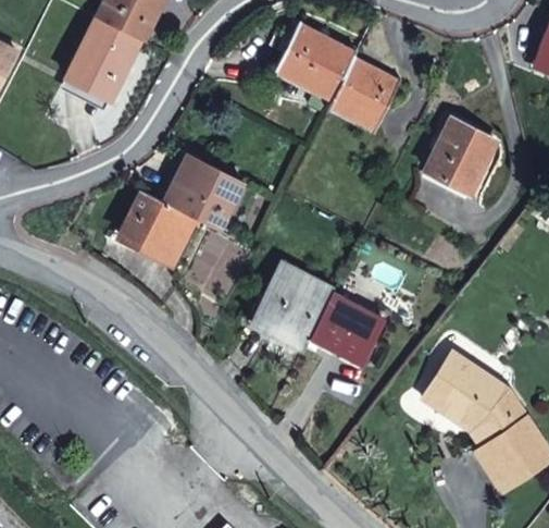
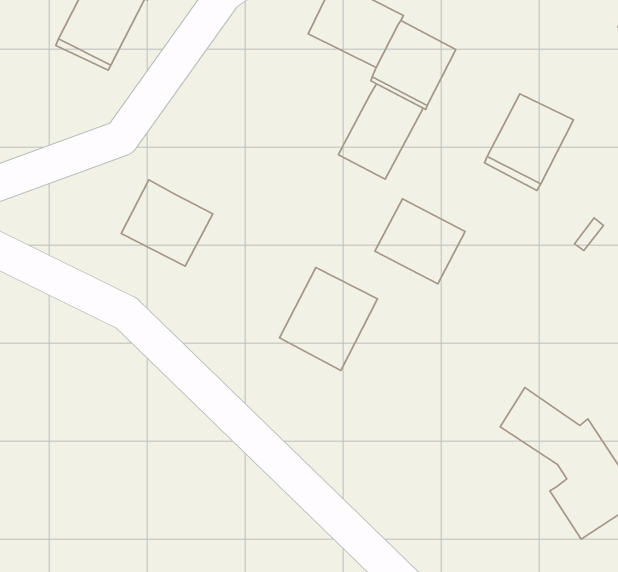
building: none -> [339,84,423,179]
building: [165,151,242,230] -> none
building: [310,293,385,364] -> [375,199,465,284]
building: [423,353,509,446] -> none

